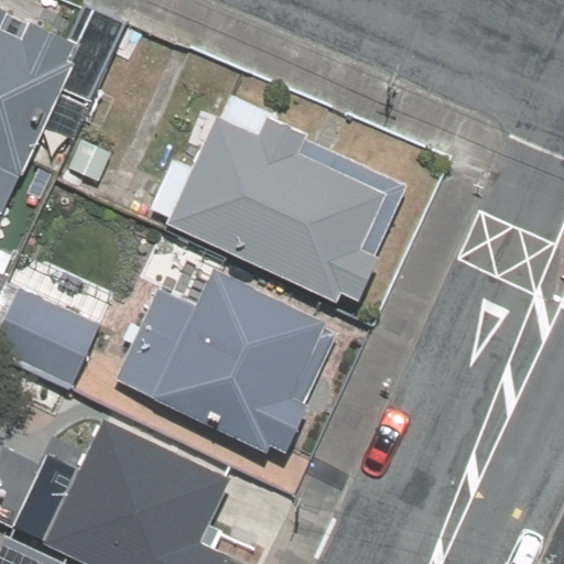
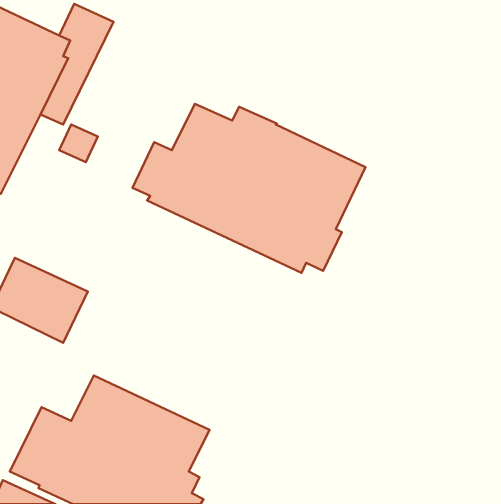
building: [112,269,336,454] -> none

